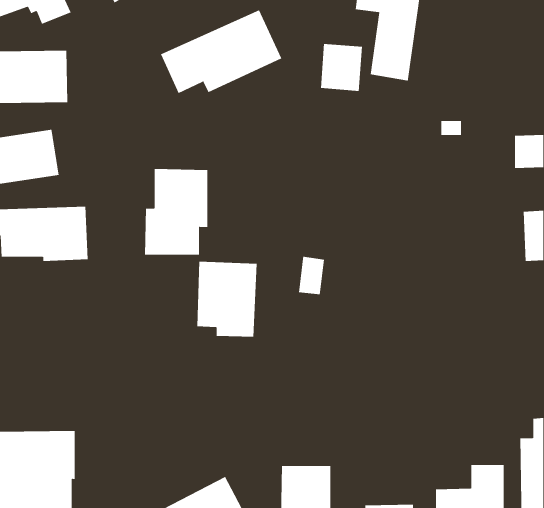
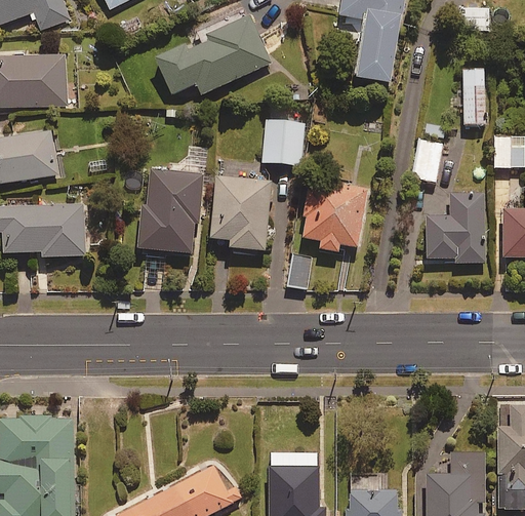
building: [320,43,363,91] -> [262,119,304,165]
building: none -> [461,69,486,124]
building: none -> [414,141,441,183]
building: none -> [300,180,367,252]
building: none -> [423,192,485,263]
building: [196,261,257,337] -> [211,177,270,250]

